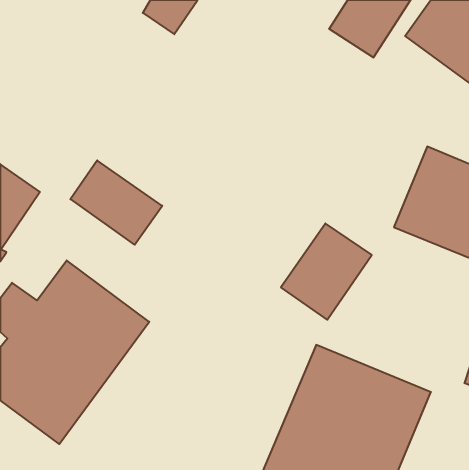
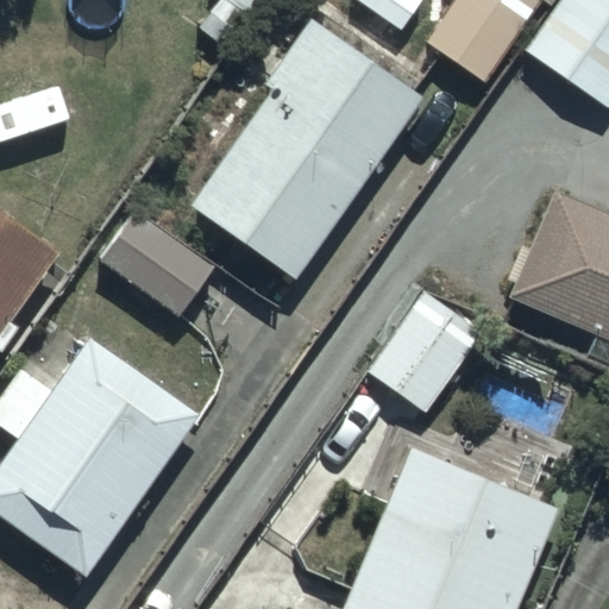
building: none -> [192,24,425,281]

